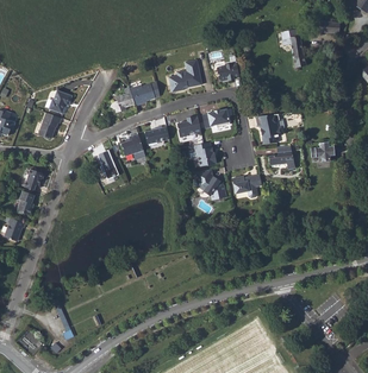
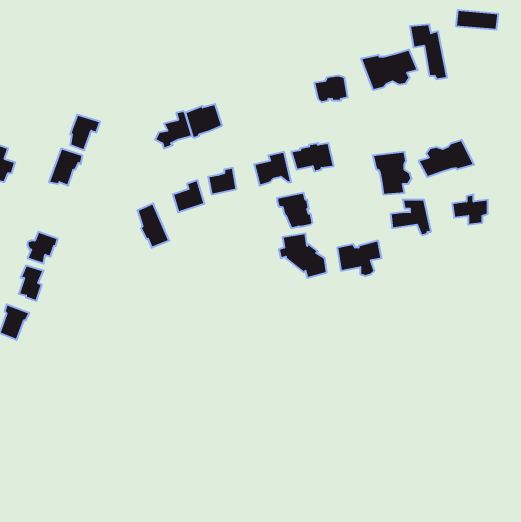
building: none -> [361,49,418,90]
building: [169,61,202,93] -> none
building: none -> [419,140,474,177]

